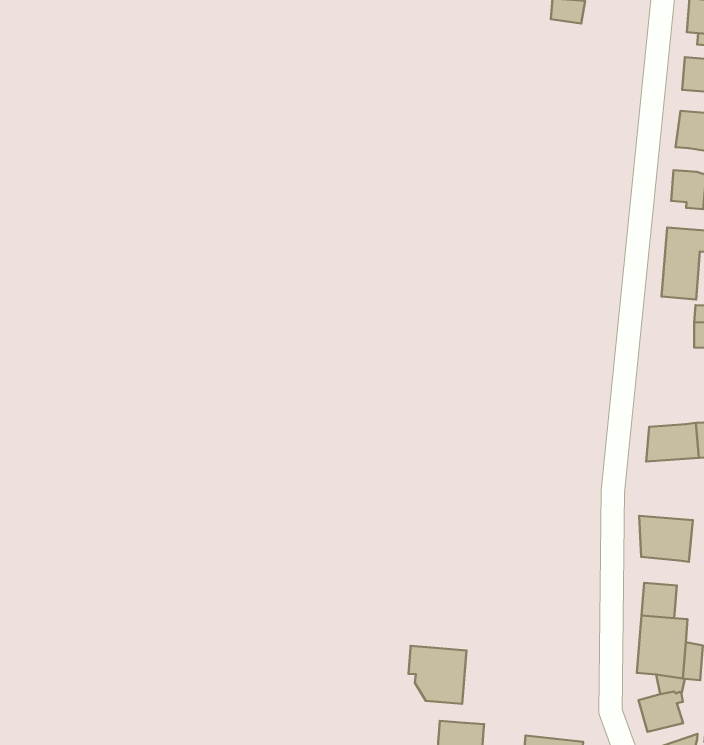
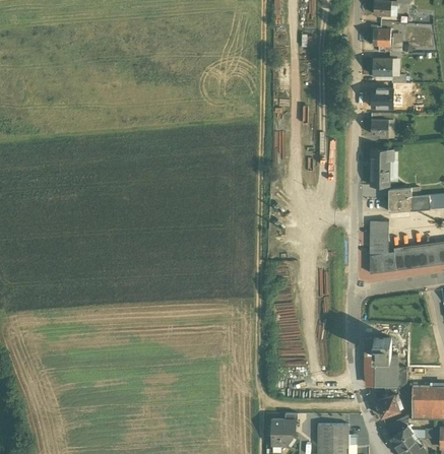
building: none -> [370,220,389,255]
building: [639,516,693,562] -> none
building: [408,646,466,704] -> none

